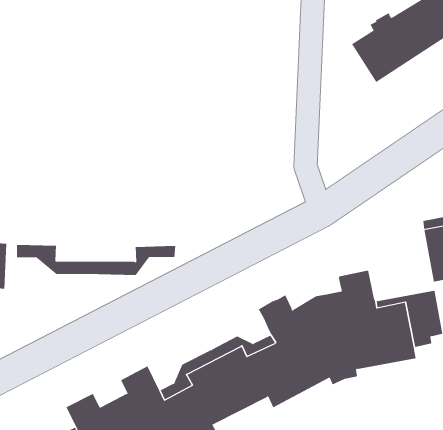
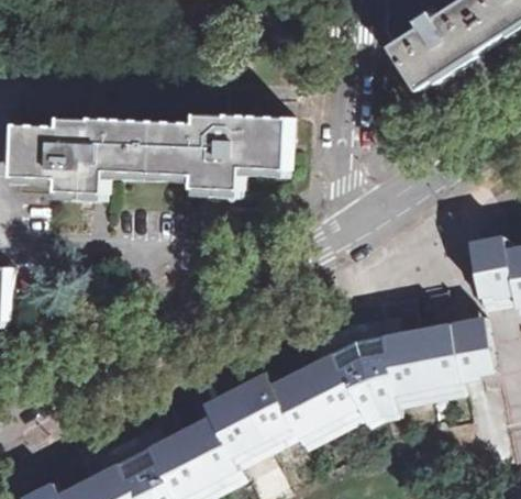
building: none -> [14,118,290,199]
building: [16,244,176,276] -> none

